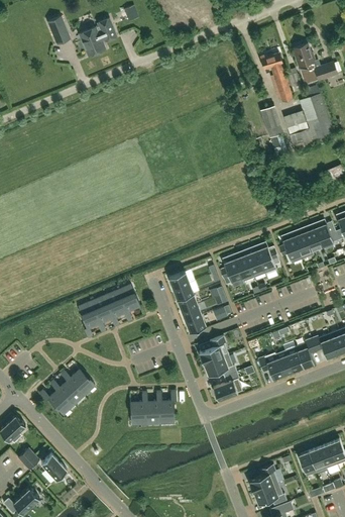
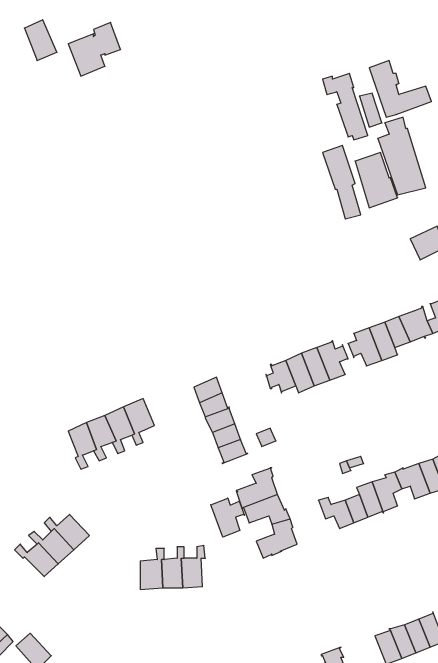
building: none -> [211,498,244,537]

